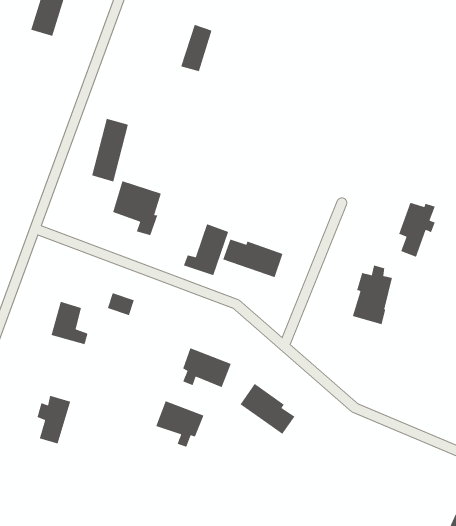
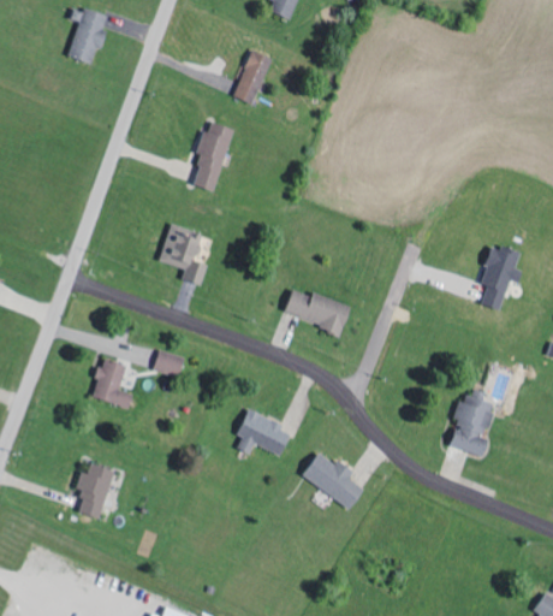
building: [91,118,129,182] -> [190,120,232,192]
building: [183,223,229,276] -> none
building: [352,265,393,325] -> [447,389,493,456]
building: [155,400,205,448] -> none

